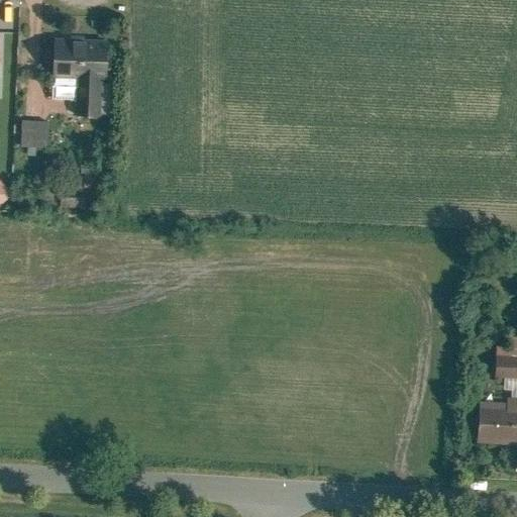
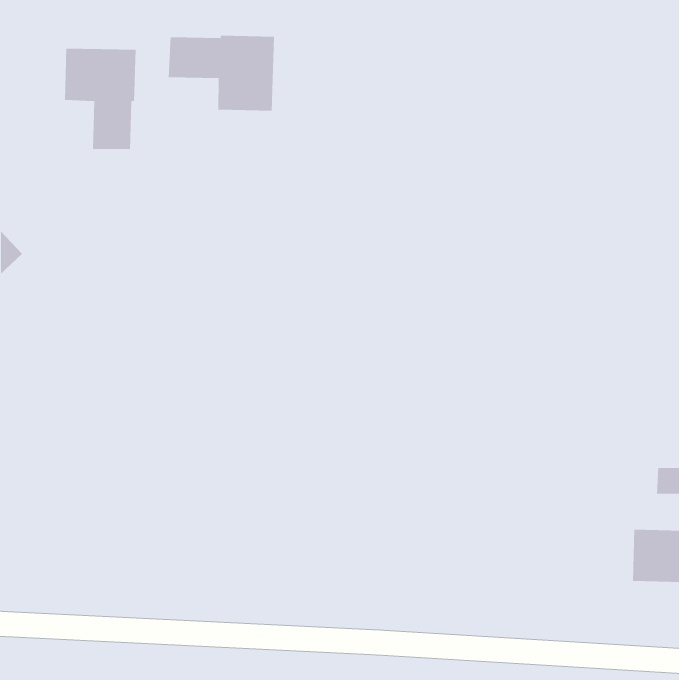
building: none -> [168,35,275,112]
building: [29,121,51,145] -> none

